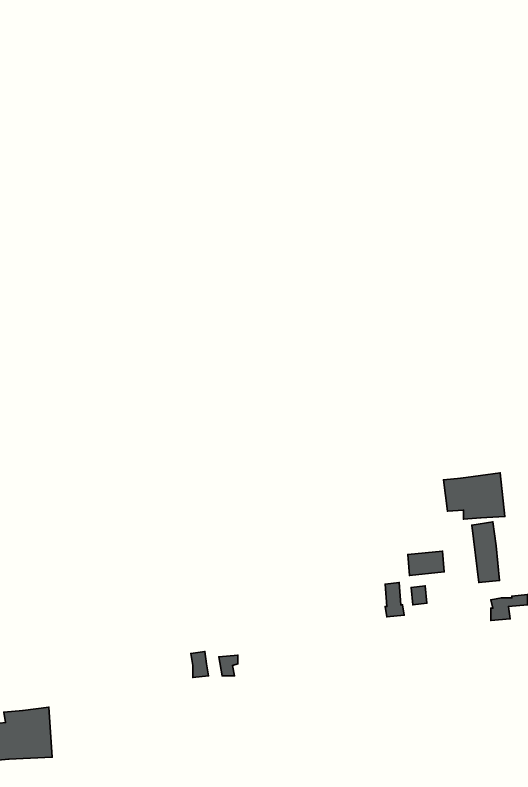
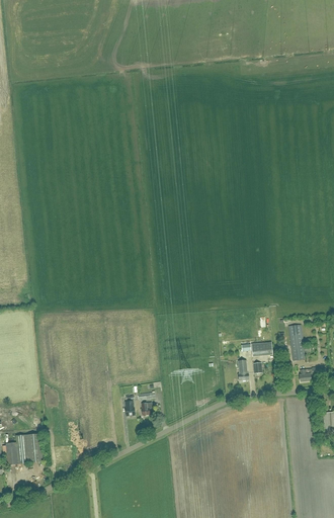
building: [443,473,505,519] -> none

